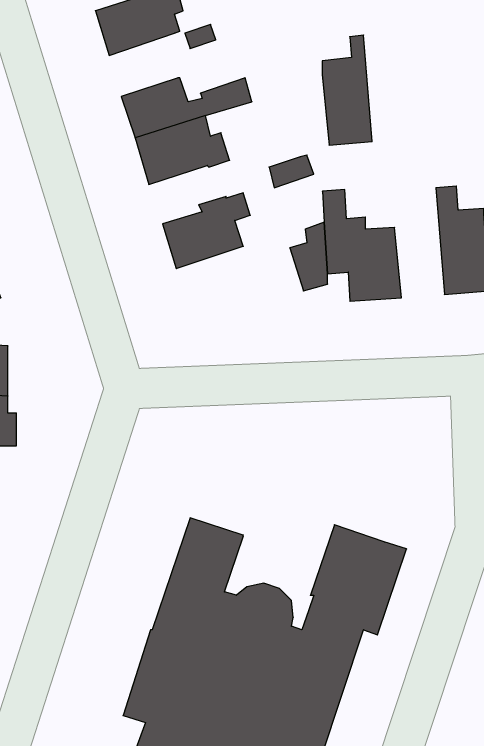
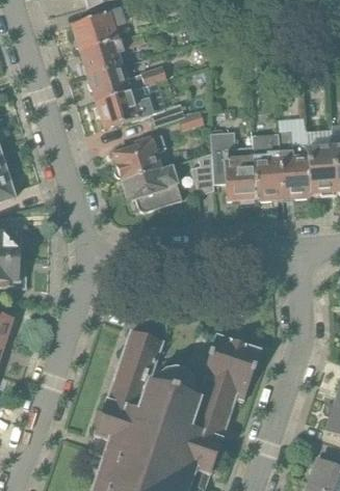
building: none -> [81,37,125,76]
building: [322,35,372,145] -> [254,131,284,197]
building: none -> [122,164,182,212]

